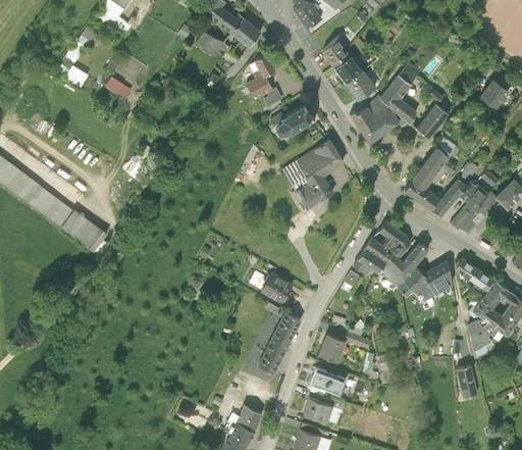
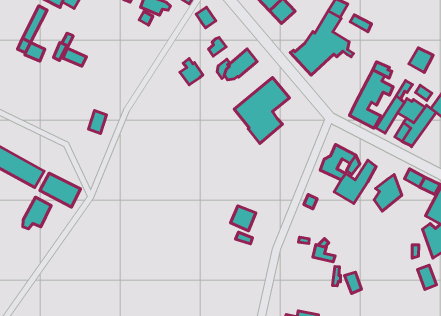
building: [248,70,272,99] -> [180,59,203,85]
building: [346,70,375,100] -> none
building: [481,82,509,109] -> [409,48,433,72]
building: [416,105,448,138] -> none
building: none -> [23,197,51,229]
building: [354,247,387,274] -> none
building: [398,266,427,295] -> none
building: [259,313,300,372] -> none
building: [320,335,346,361] -> none
building: [311,368,345,394] -> none

